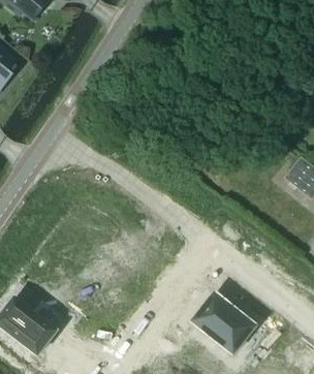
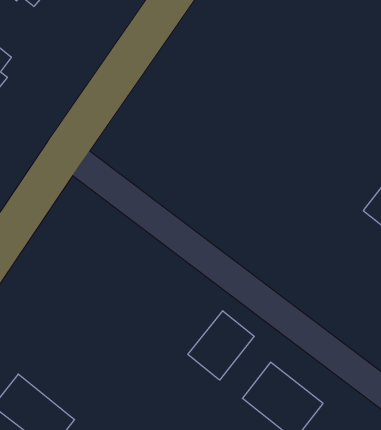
building: none -> [188,311,254,380]

